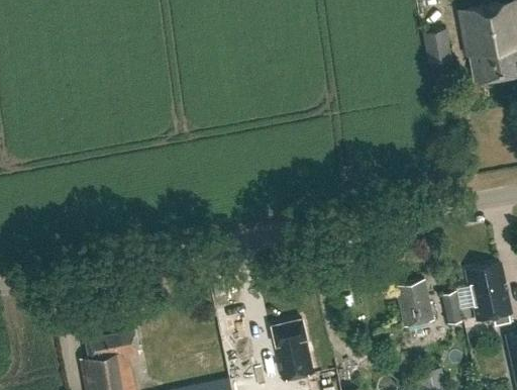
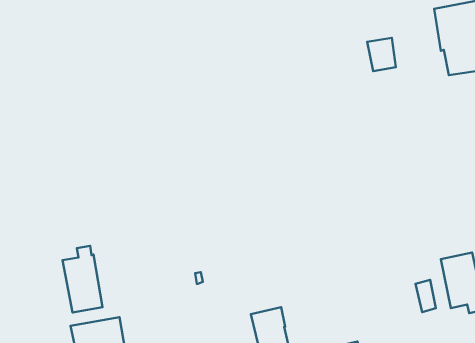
building: [421,29,450,64] -> [367,38,396,71]
building: none -> [63,246,103,312]
building: [395,281,432,326] -> none

